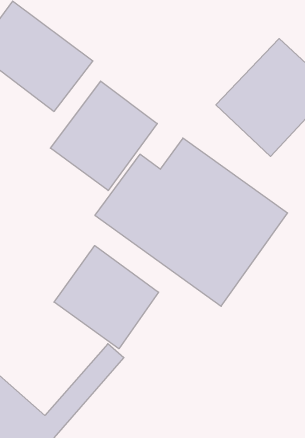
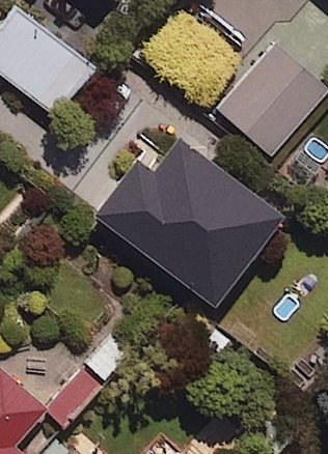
building: [50,81,157,191] -> none
building: [54,246,159,349] -> none

